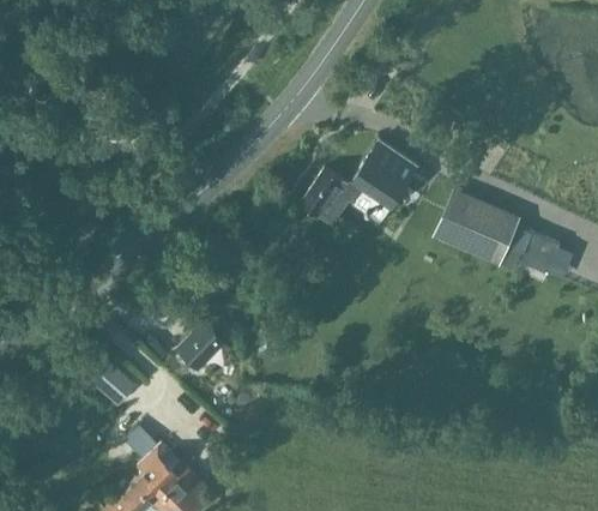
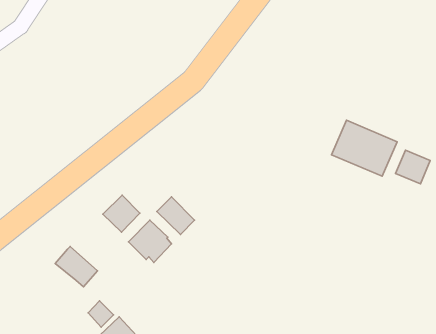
building: [300,143,417,227] -> none
building: none -> [103,195,140,232]
building: none -> [157,197,194,235]

